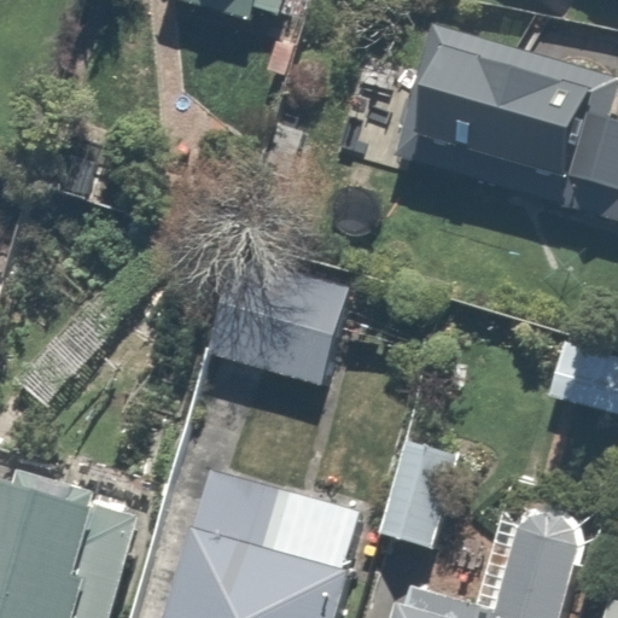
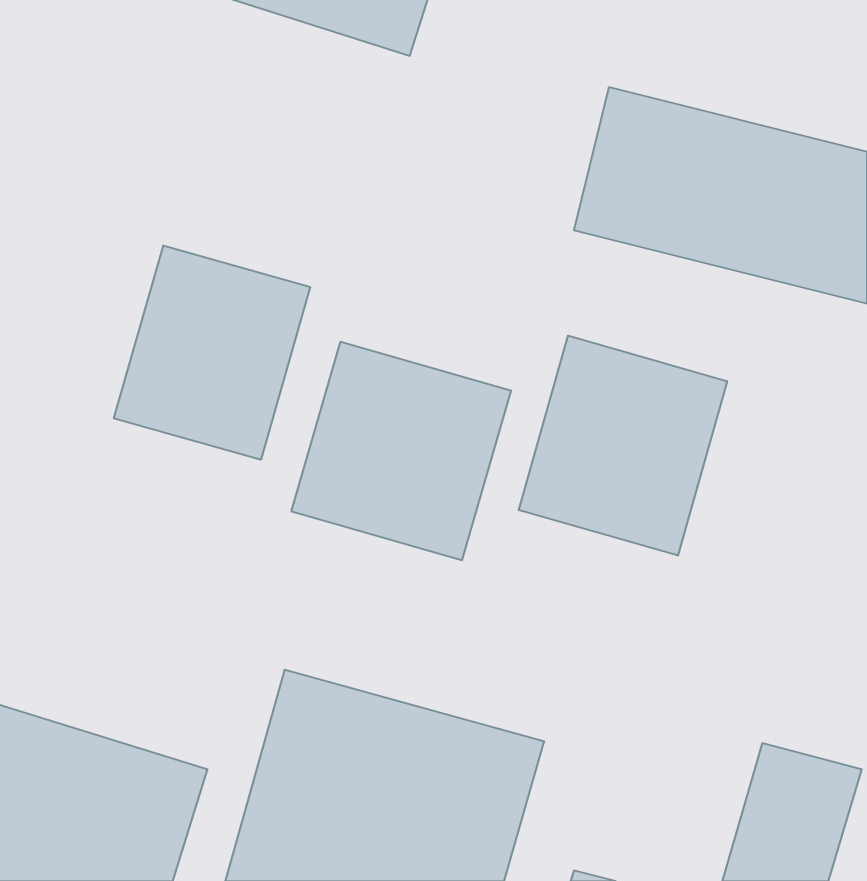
building: none -> [114,245,310,460]
building: none -> [519,336,727,556]

